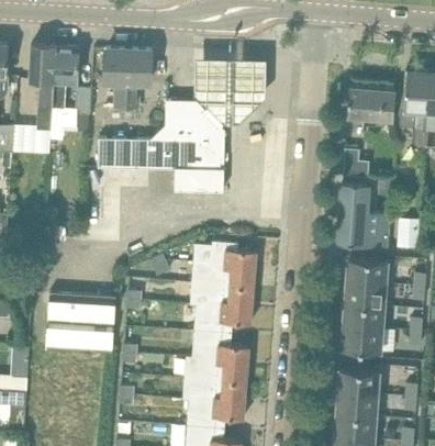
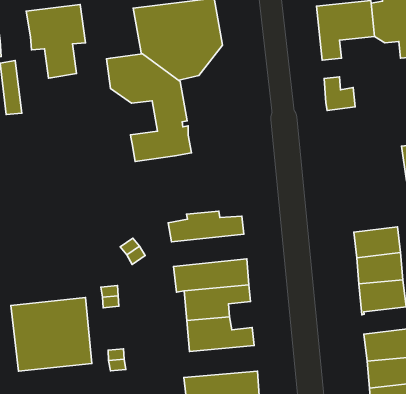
building: [98,126,198,170] -> none
building: [337,183,389,248] -> none
building: [347,258,387,285] -> none
building: [191,264,255,289] -> none
building: [183,358,247,384] -> none

